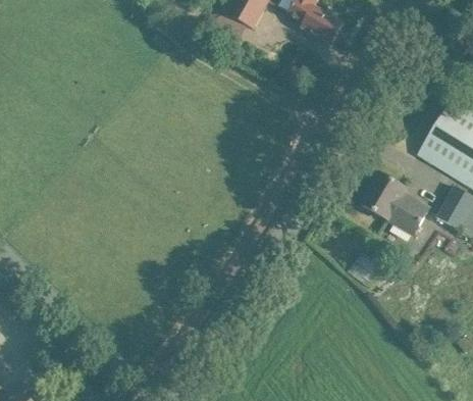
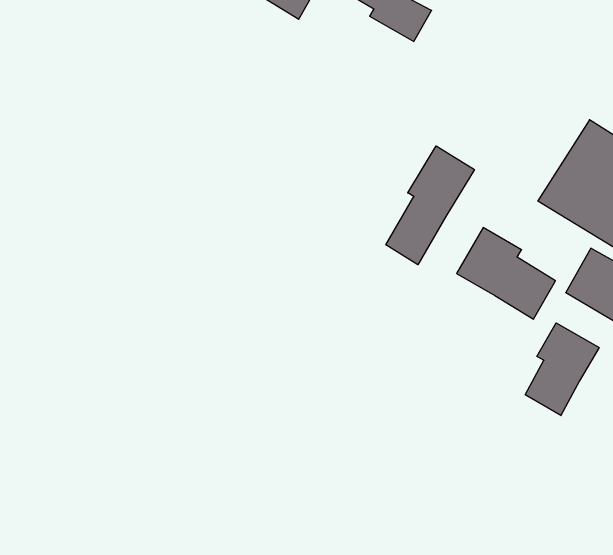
building: none -> [386,146,474,265]
building: none -> [525,323,599,416]

